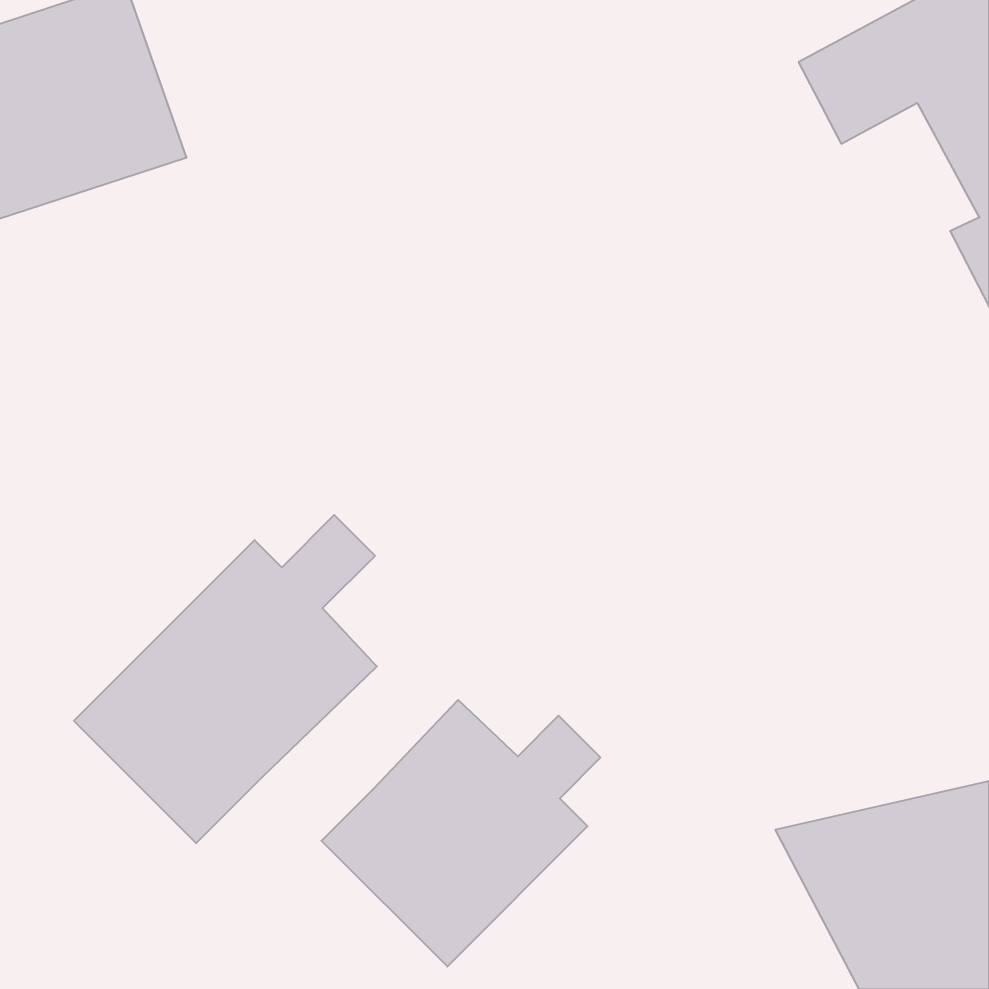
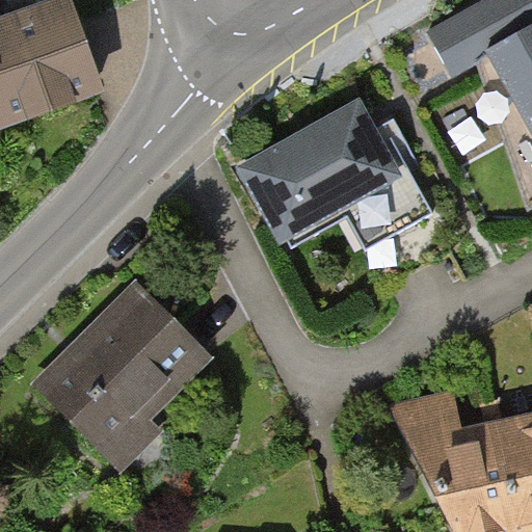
building: none -> [243,122,434,240]
building: [321,700,600,967] -> none

